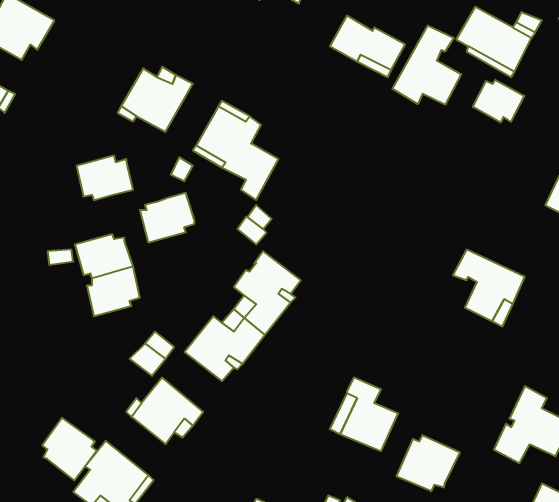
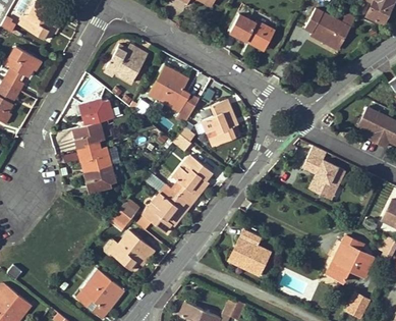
building: [392,25,461,105] -> none
building: [473,80,524,123] -> none
building: none -> [201,98,238,146]
building: [140,193,194,242] -> [72,120,105,150]
building: [42,418,97,480] -> none
building: [397,435,460,491] -> none

